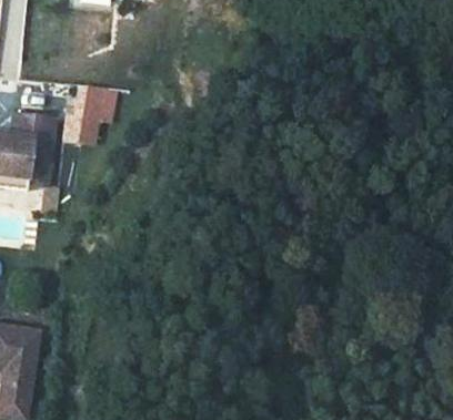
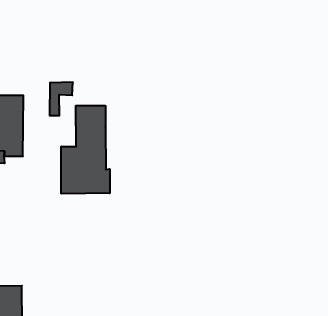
building: none -> [61,106,110,194]

